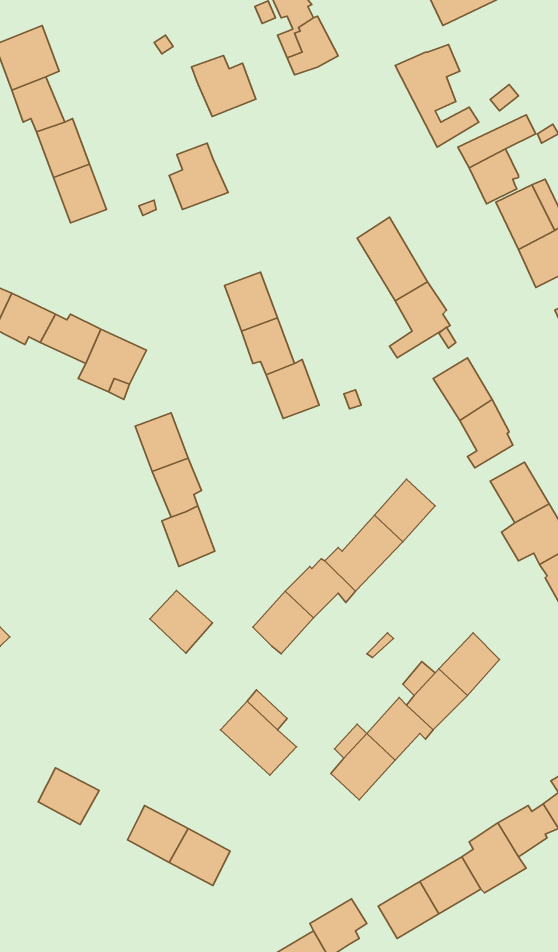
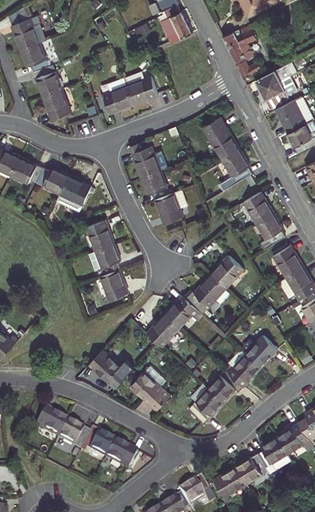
building: [191,56,256,116] -> [124,71,158,103]
building: [150,590,212,653] -> [89,349,122,382]
building: none -> [57,418,89,448]

